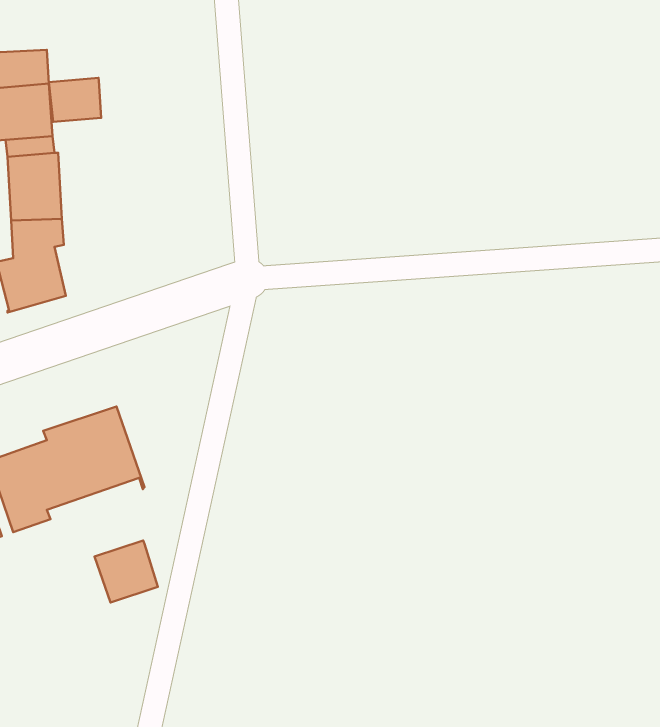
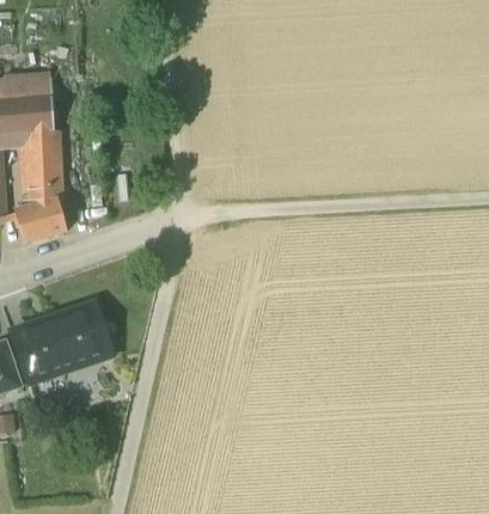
building: [49,78,101,122] -> none
building: [94,540,158,602] -> none

